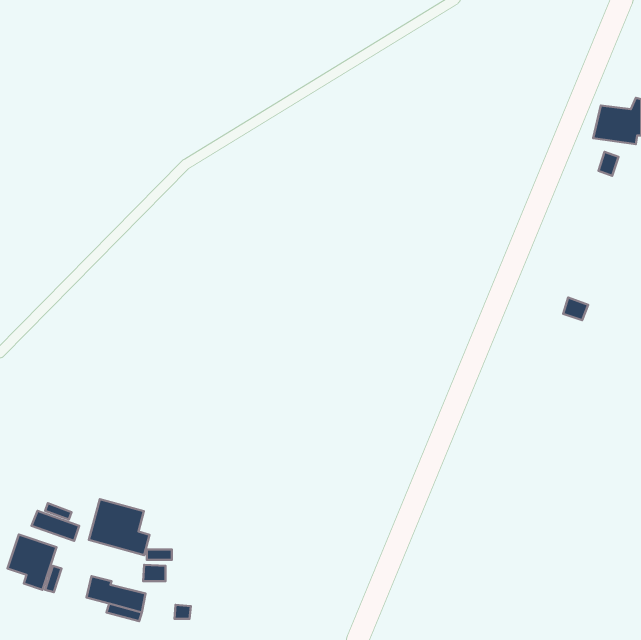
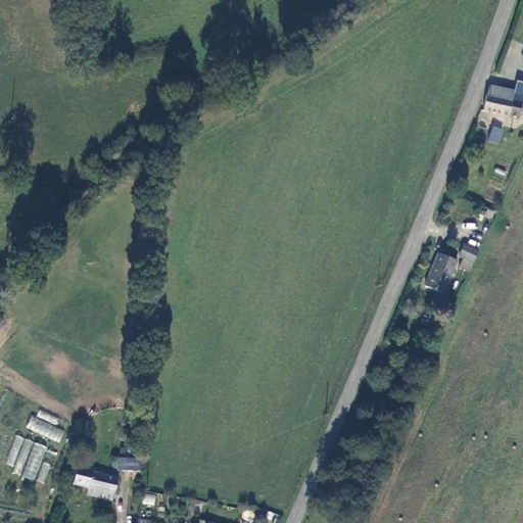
building: none -> [423,250,458,293]
building: [89,499,150,555] -> none

